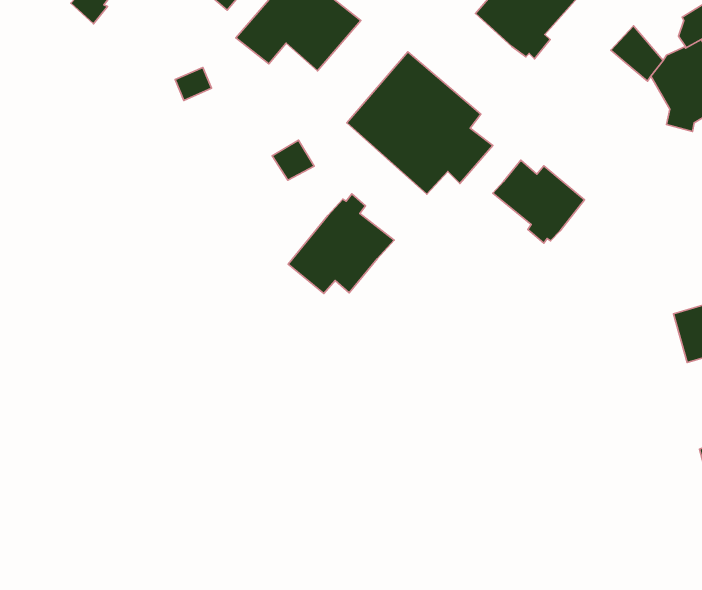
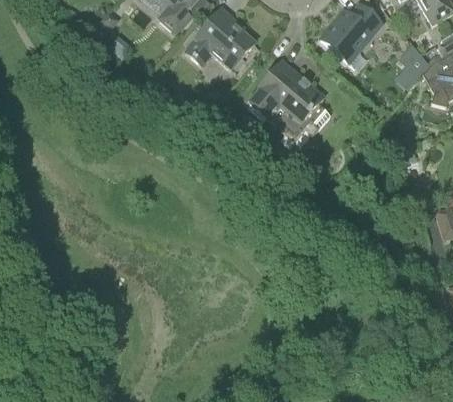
building: [493,160,584,243] -> none
building: [288,194,394,294] -> none

